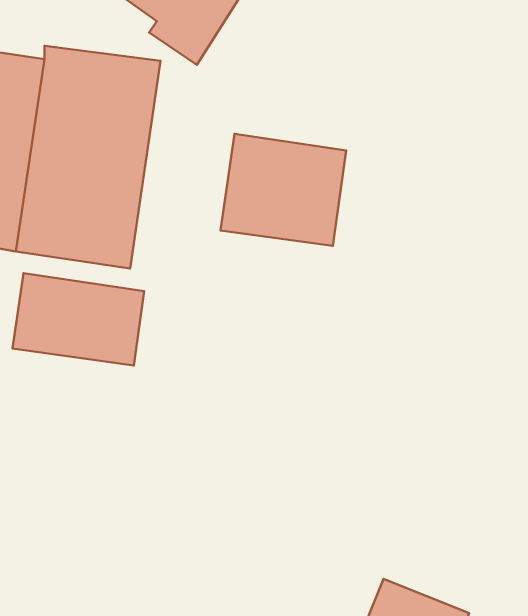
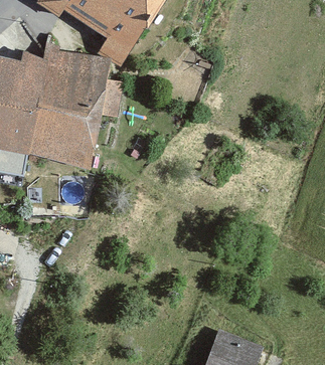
building: [220,134,346,246] -> none
building: [12,273,144,365] -> none

